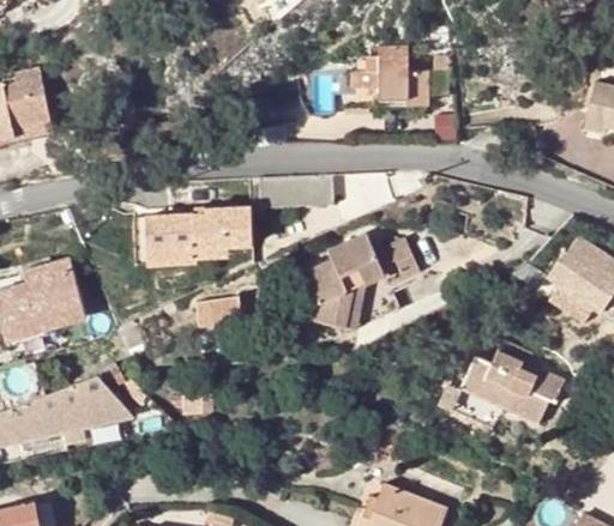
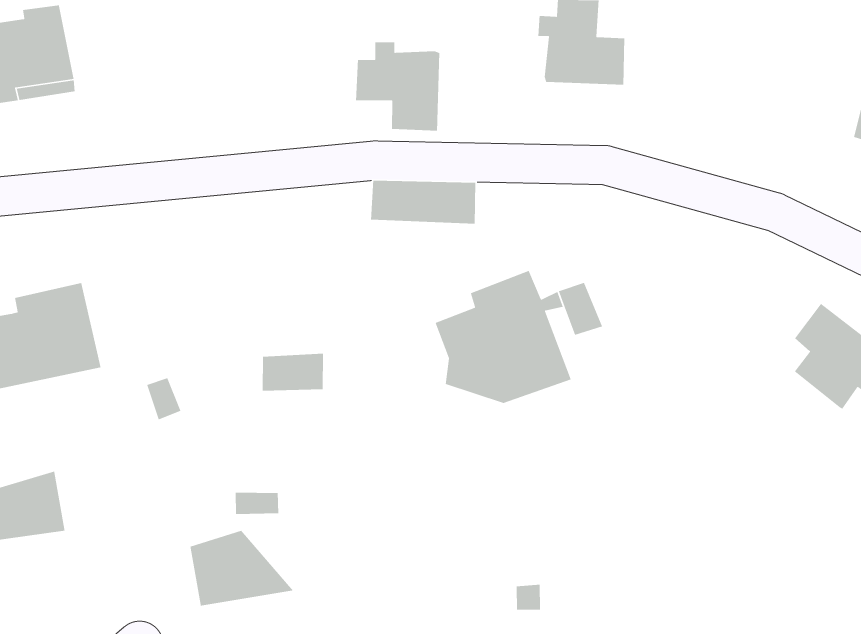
building: none -> [355,42,440,131]
building: [134,207,254,264] -> none
building: [460,343,565,425] -> none
building: [56,376,130,430] -> [190,530,294,607]

